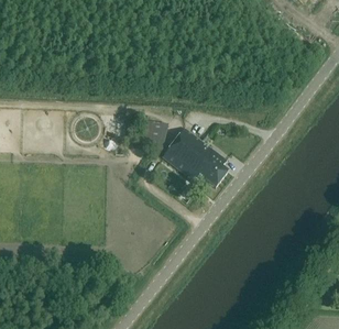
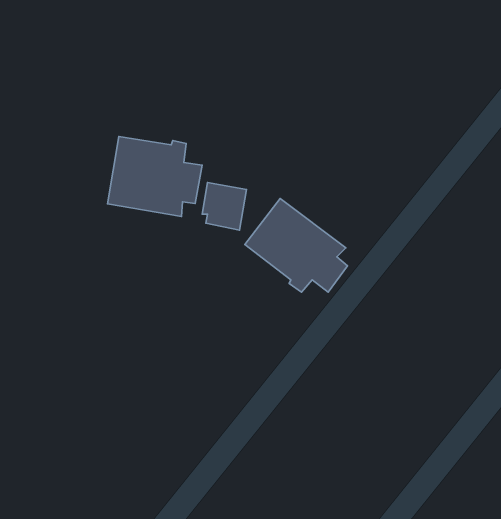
building: none -> [108,136,202,217]

